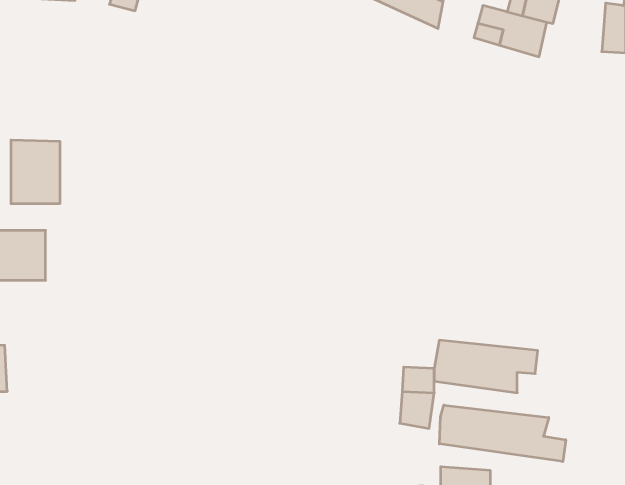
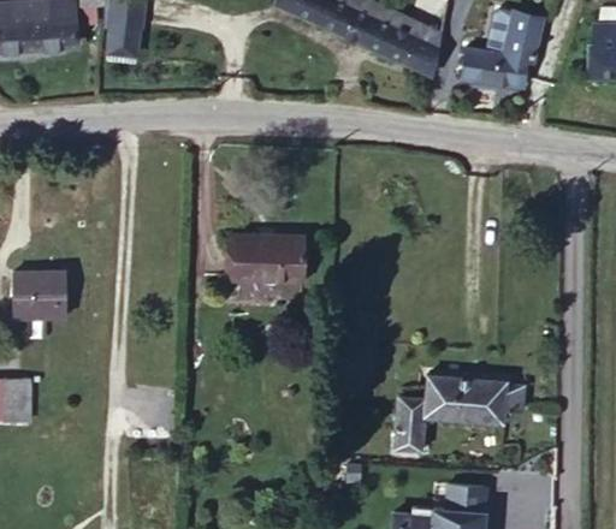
building: [11,140,60,204] -> none
building: none -> [232,242,300,289]
building: [439,405,566,462] -> none

